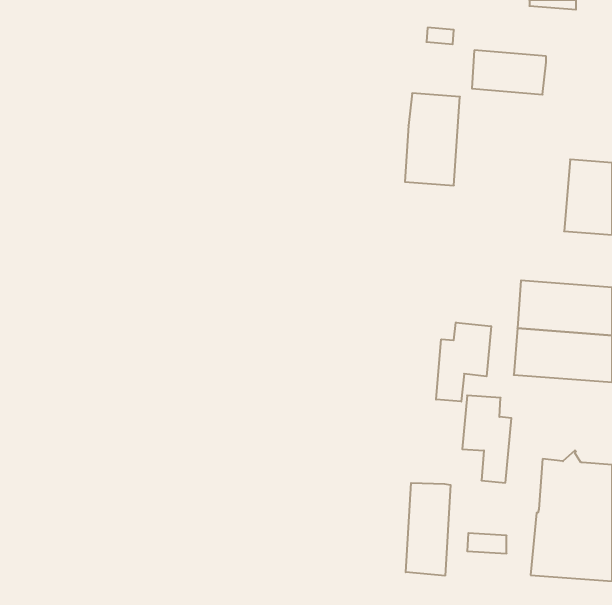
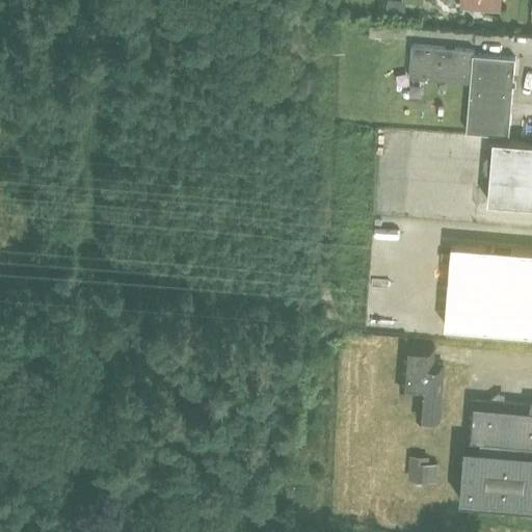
building: [405,93,460,185] -> [468,60,515,140]
building: [436,322,491,402] -> none
building: [406,483,451,576] -> none

